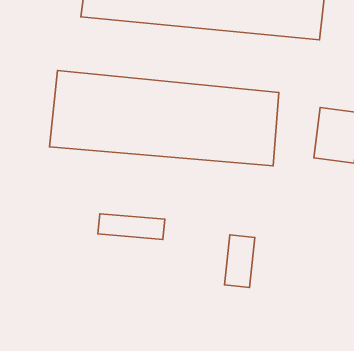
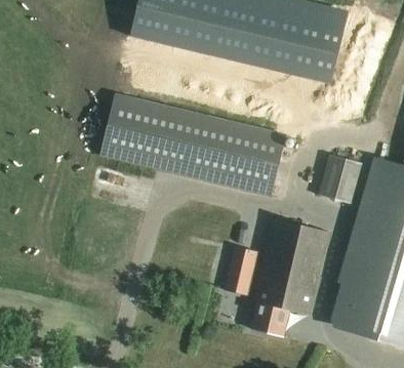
building: none -> [253,216,332,334]
building: [98,214,165,240] -> none

